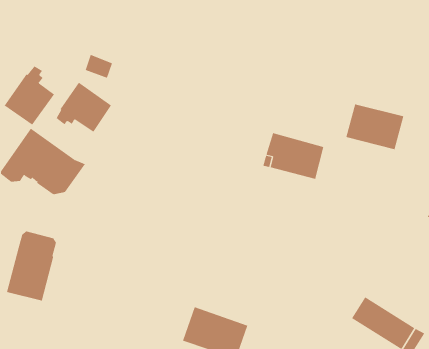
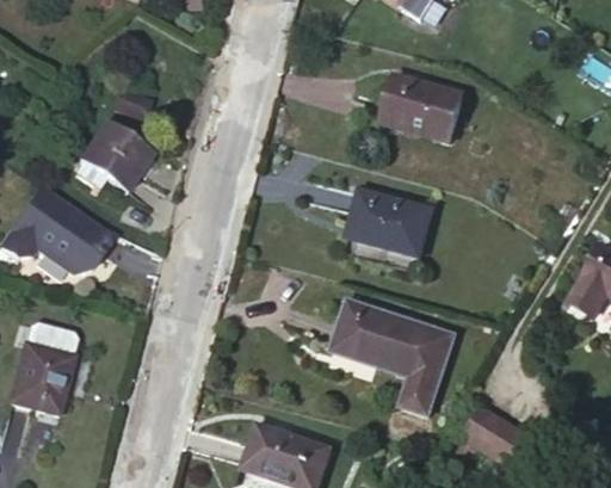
building: [4,66,55,126] -> none
building: [345,104,404,150] -> [383,78,461,138]
building: none -> [333,299,452,413]

